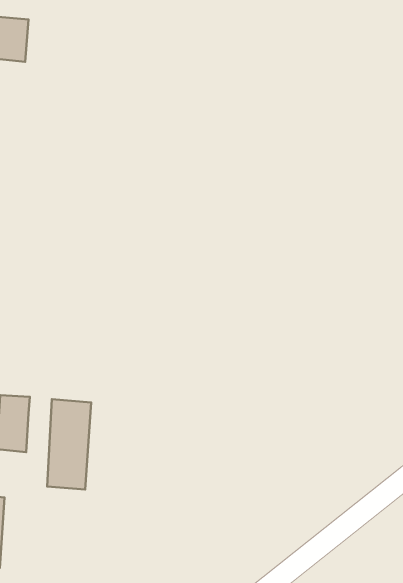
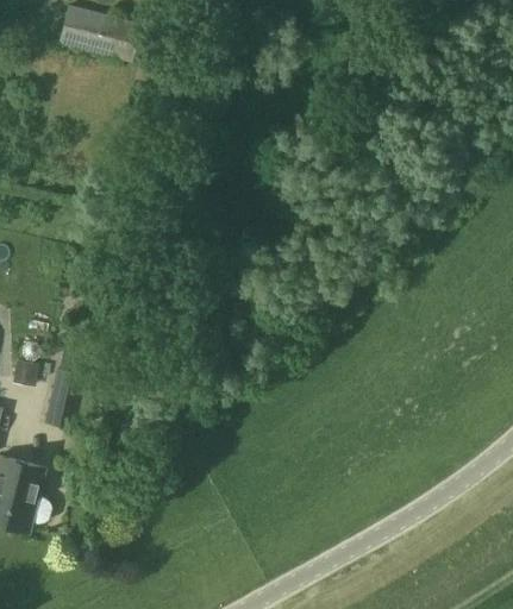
building: [47,399,91,489] -> none

